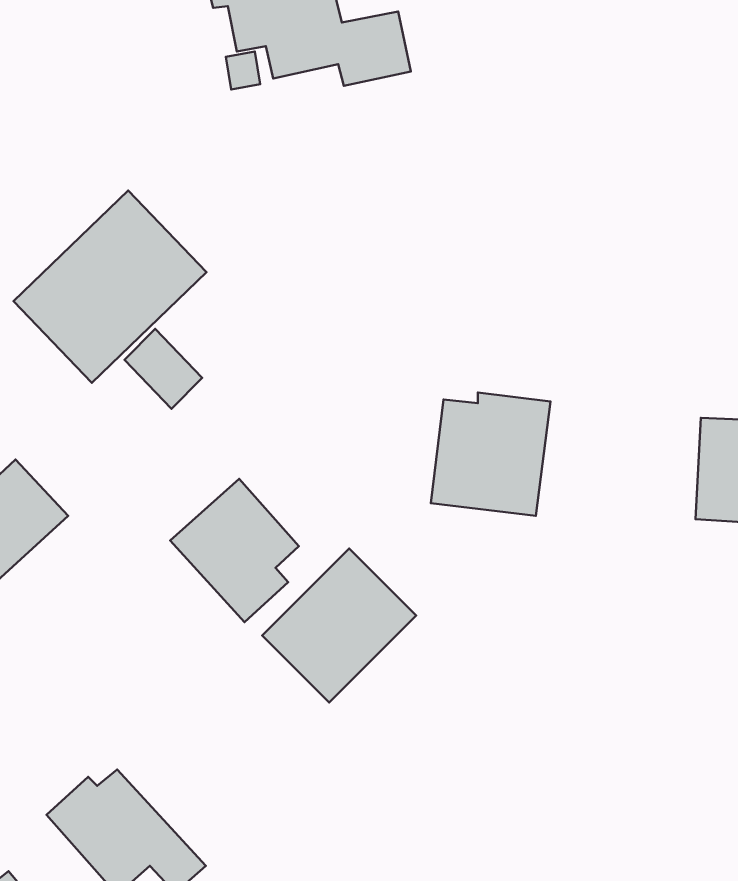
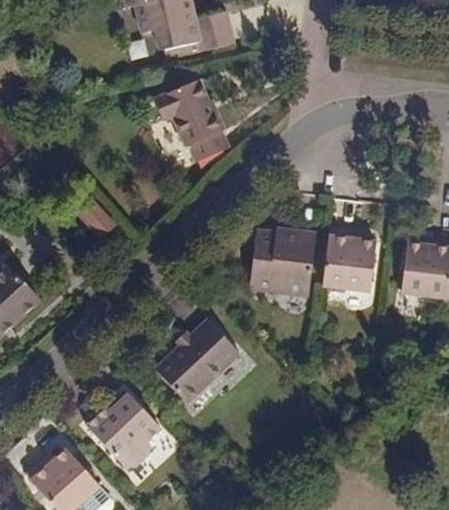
building: none -> [156,73,237,158]
building: [13,191,207,383] -> none
building: none -> [321,228,376,294]
building: [170,479,299,622] -> [86,394,159,475]

